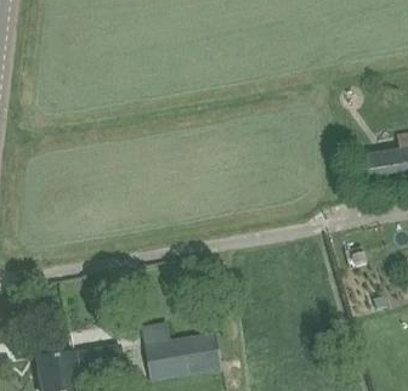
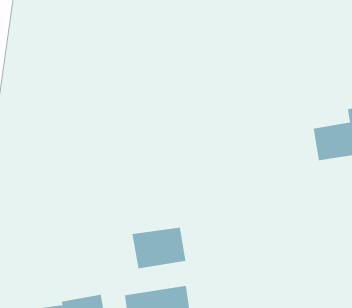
building: none -> [132,227,186,269]

